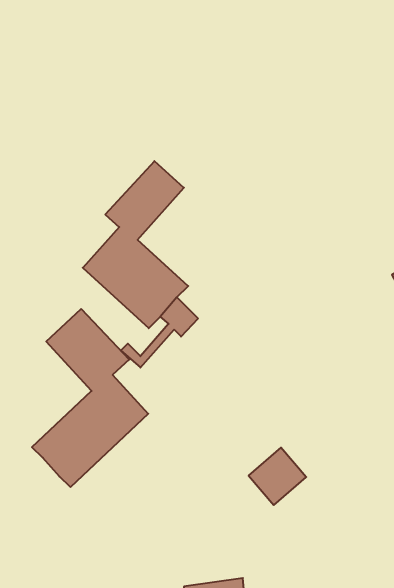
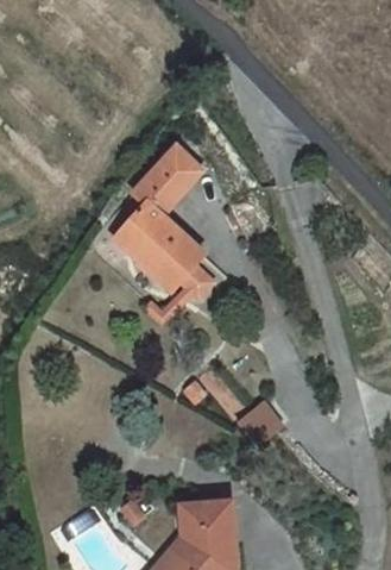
building: [32,309,148,487] -> none

